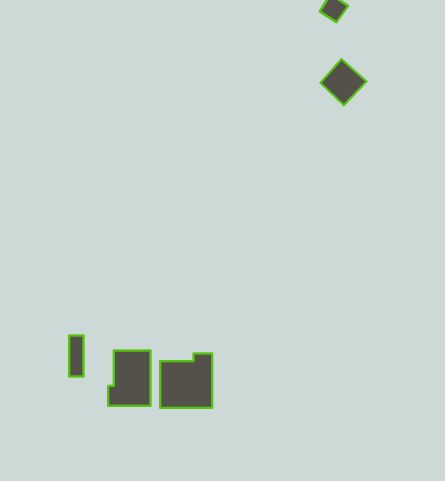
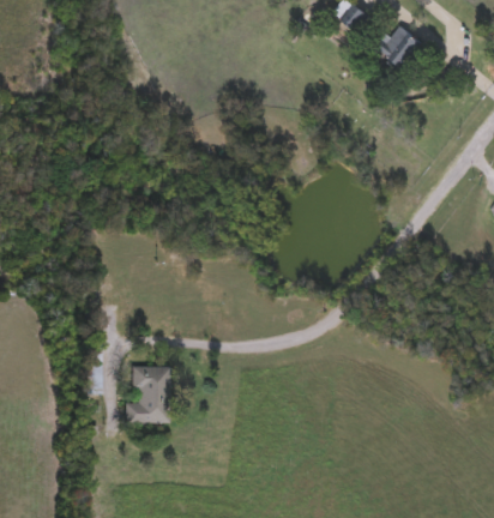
building: [320,59,366,105] -> [376,24,423,71]
building: [160,354,212,408] -> none

